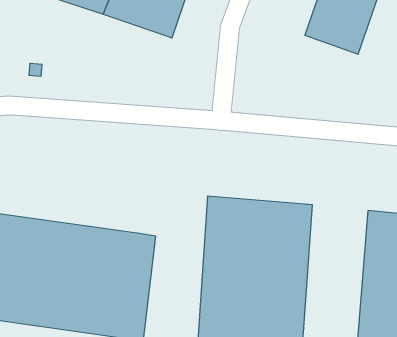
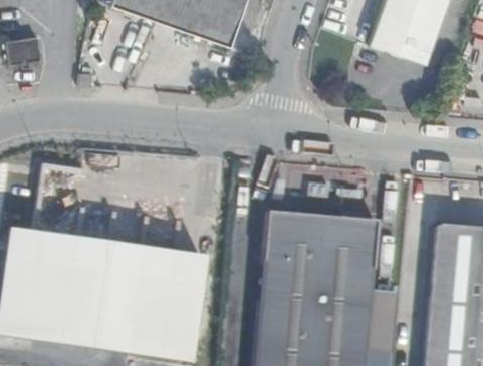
building: none -> [368,291,396,352]

